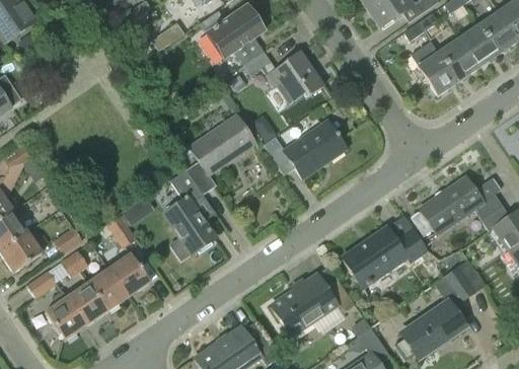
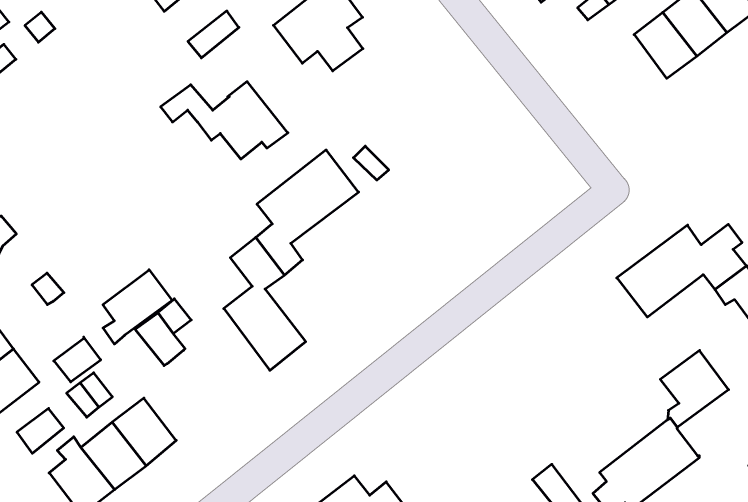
building: [410,41,457,95] -> none
building: [242,51,323,100] -> [161,82,288,159]
building: [262,120,346,178] -> none
building: none -> [103,270,172,344]
building: [341,226,427,288] -> none
building: [108,253,149,296] -> none
building: [270,274,360,337] -> none

